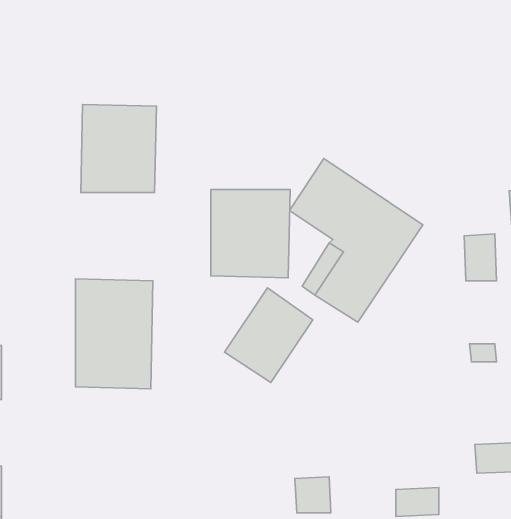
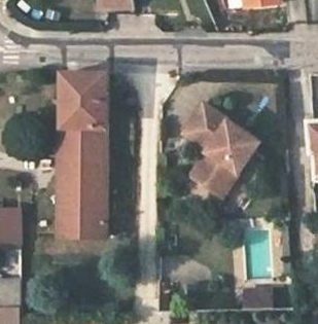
building: [211,190,290,278] -> [60,122,105,173]
building: [225,288,313,383] -> none

